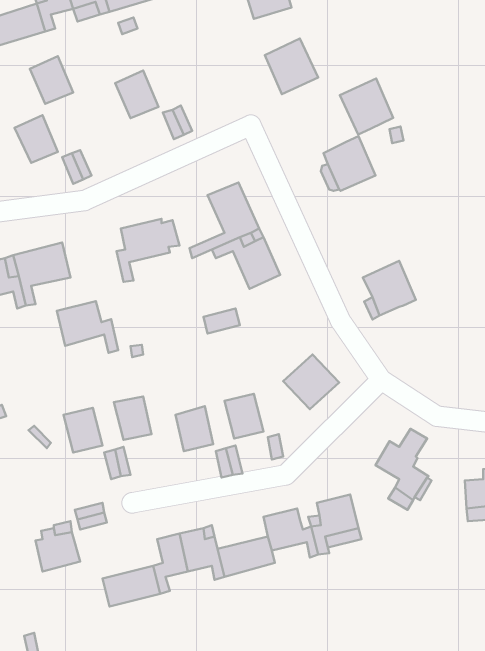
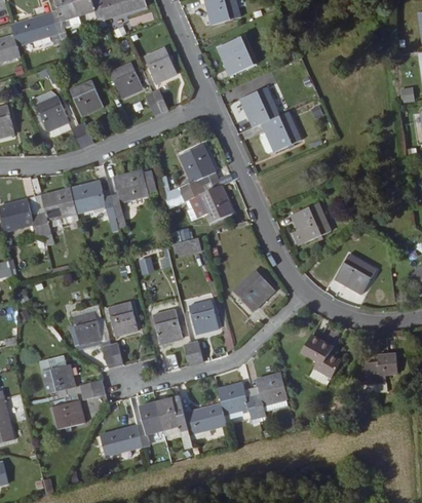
building: none -> [145,46,177,82]
building: [30,56,73,104] -> [71,79,103,114]
building: [340,79,393,134] -> [240,85,279,126]
building: [57,301,118,353] -> [71,181,116,219]
building: none -> [336,253,377,293]
building: none -> [42,363,75,392]

